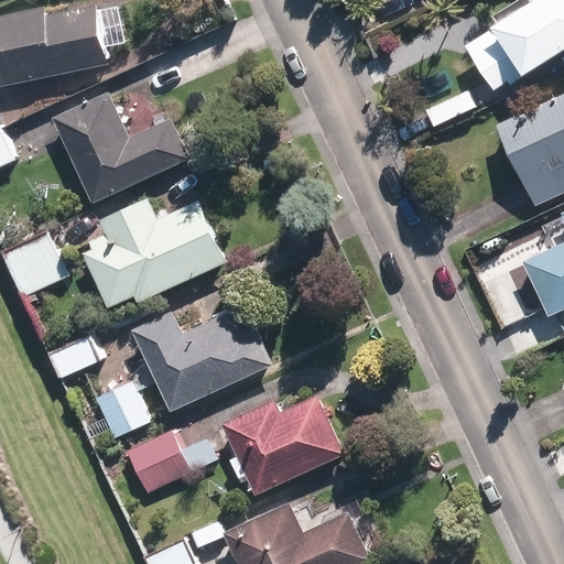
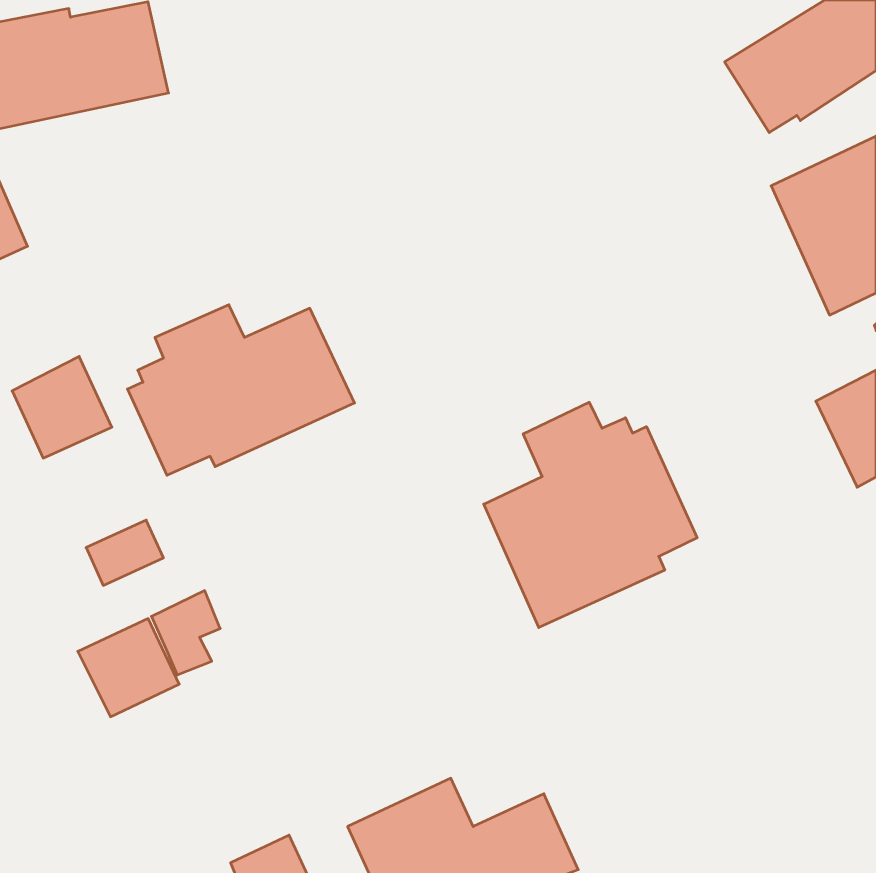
building: [52,94,189,206] -> none
building: none -> [484,402,697,628]
building: [131,311,272,413] -> none
building: [221,395,344,496] -> none
building: [128,430,193,492] -> [78,619,179,717]

